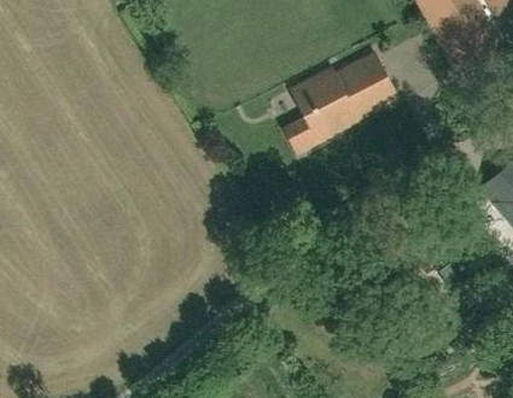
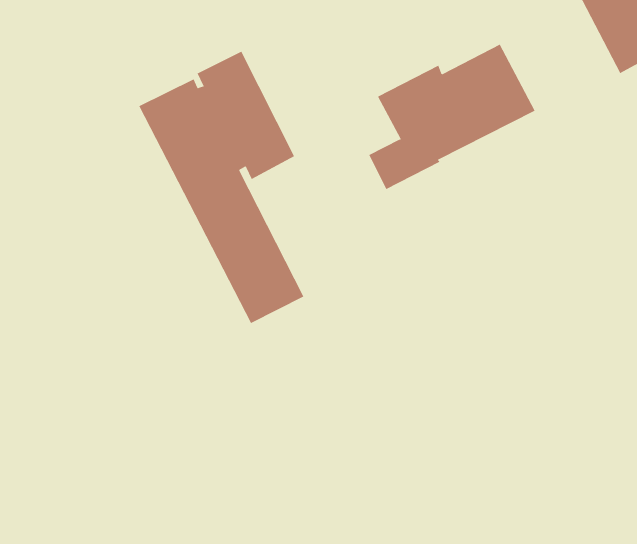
building: none -> [138,51,304,324]

